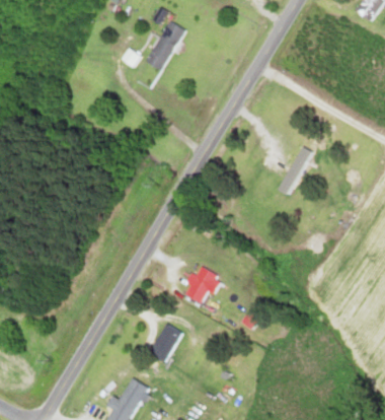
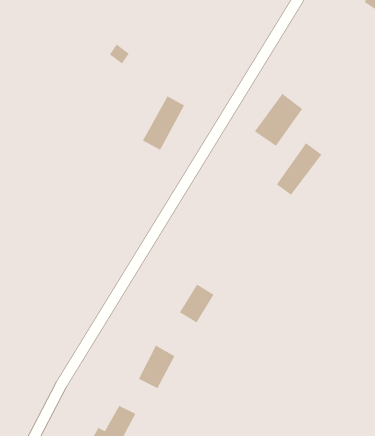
building: [146,19,185,70] -> [142,95,185,151]
building: none -> [254,93,303,147]

